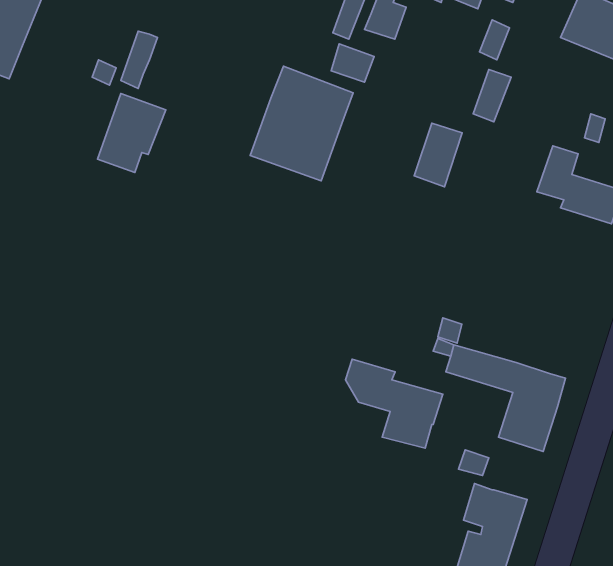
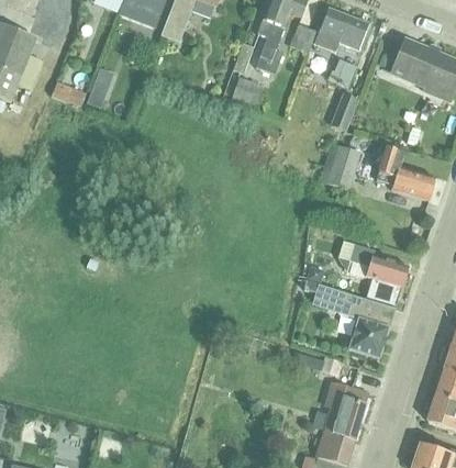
building: [250,66,353,181] -> none
building: [97,94,166,172] -> none
building: [414,123,462,187] -> [326,146,359,190]
building: [346,359,443,448] -> [338,242,405,303]

